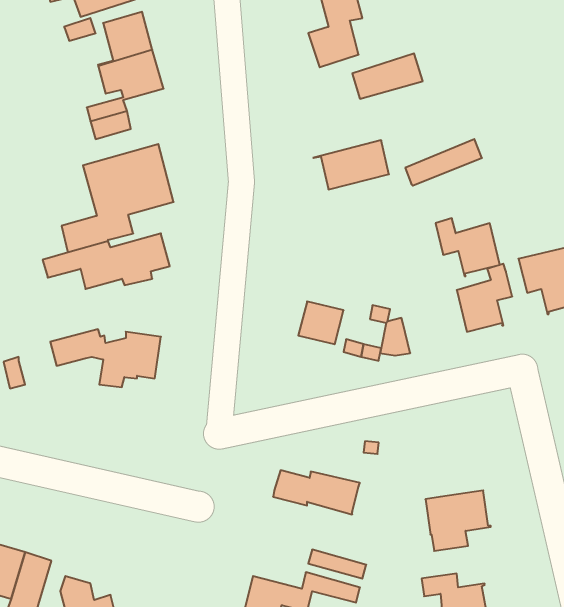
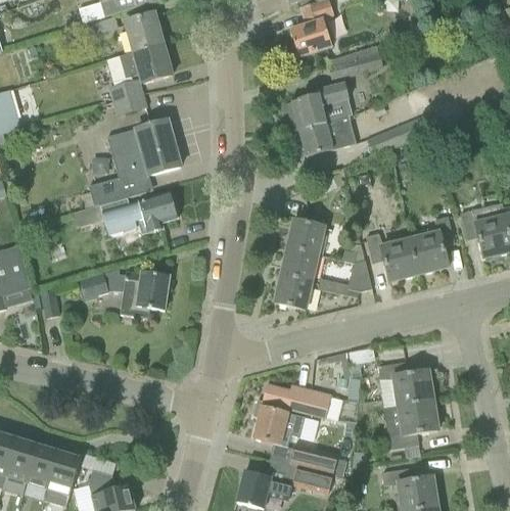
building: none -> [286,84,349,130]
building: [436,218,500,276] -> [366,233,418,280]
building: none -> [288,219,324,253]
building: none -> [275,274,311,309]
building: none -> [378,361,431,405]
building: none -> [252,399,304,446]

